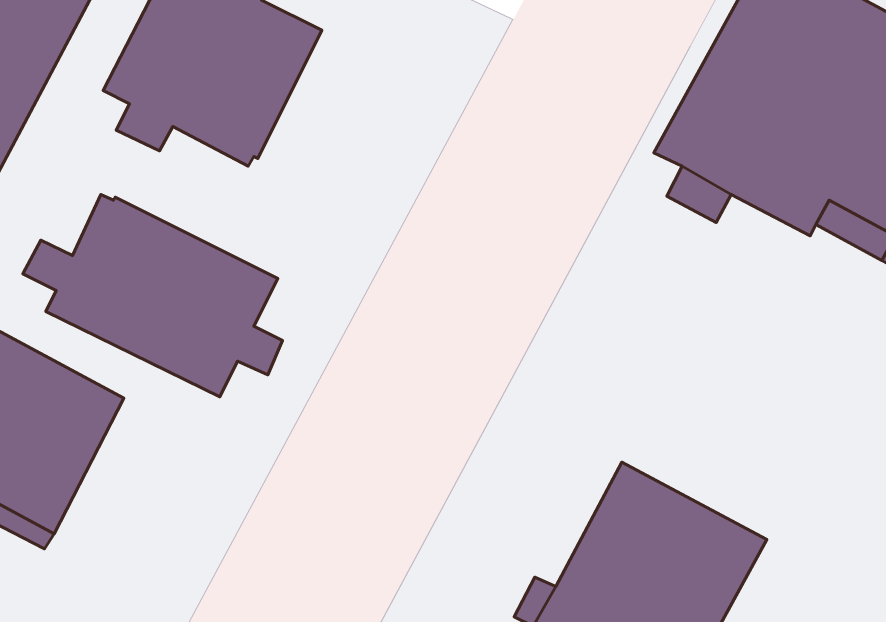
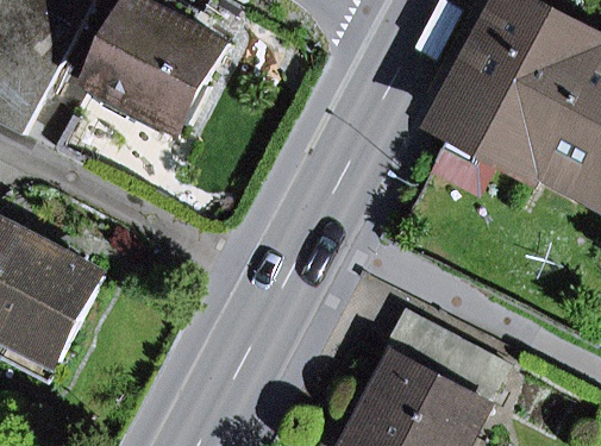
building: [23,194,283,397] -> none

